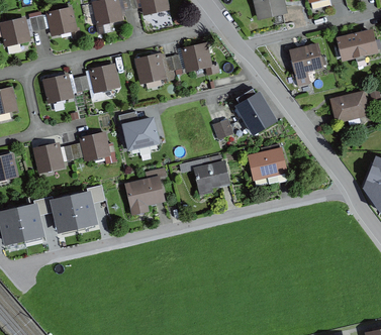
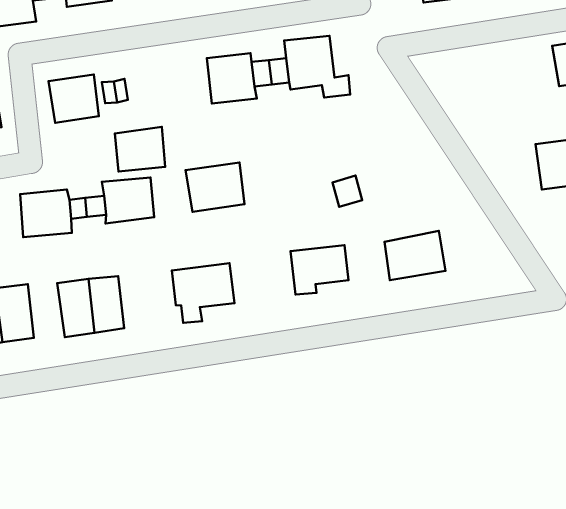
building: [287,43,321,76] -> none
building: [89,64,120,92] -> [115,127,165,171]
building: [232,91,276,135] -> none

